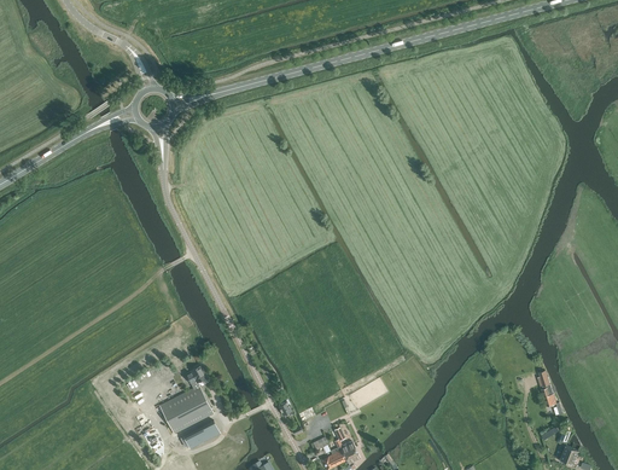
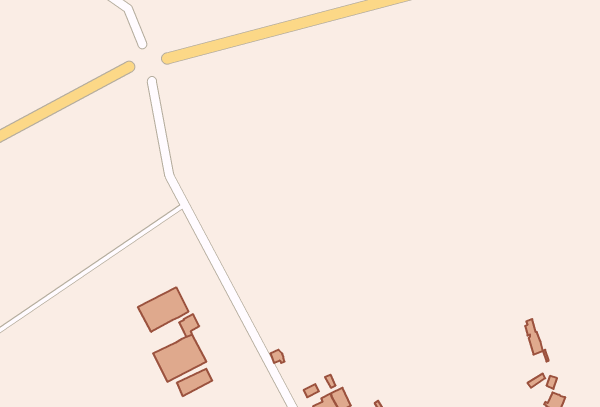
building: none -> [138,287,188,332]

